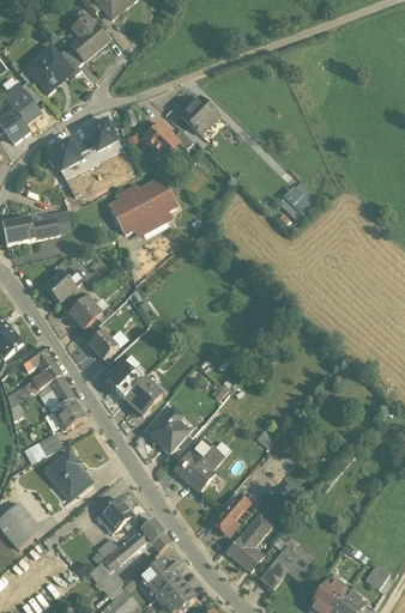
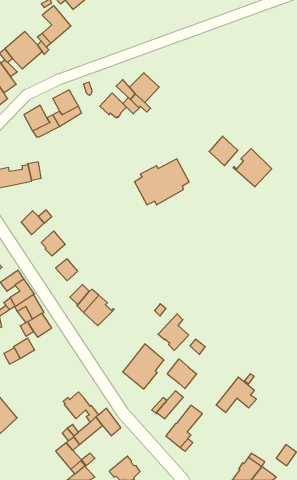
building: [108,177,176,235] -> [134,159,189,205]
building: none -> [233,149,272,187]
building: [149,407,187,453] -> [158,314,189,350]
building: [44,449,91,499] -> none
building: none -> [168,359,197,389]
building: [260,545,310,589] -> [216,377,256,413]
building: [140,558,179,595] -> none

